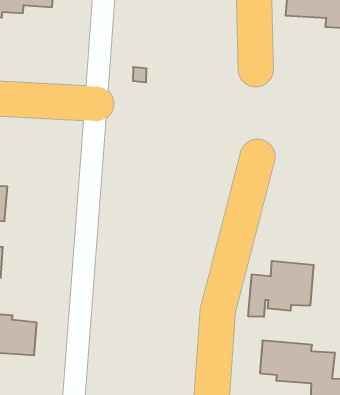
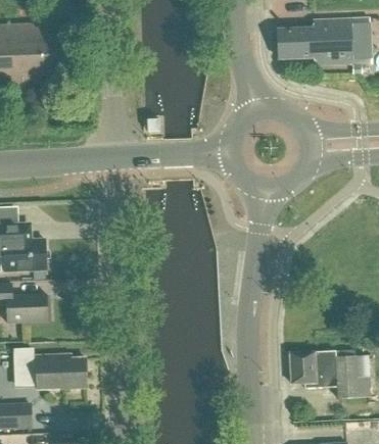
building: [248,261,314,317] -> none

